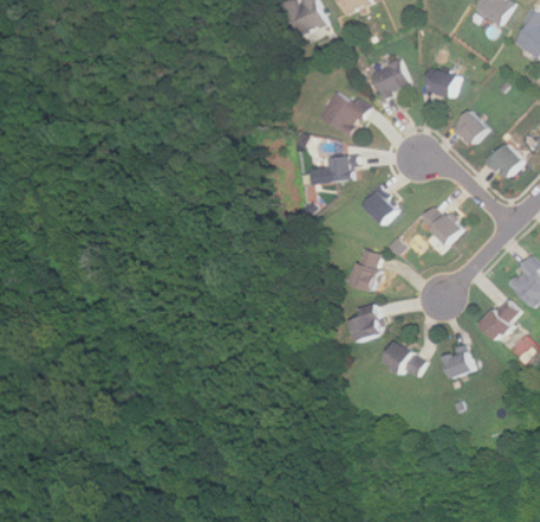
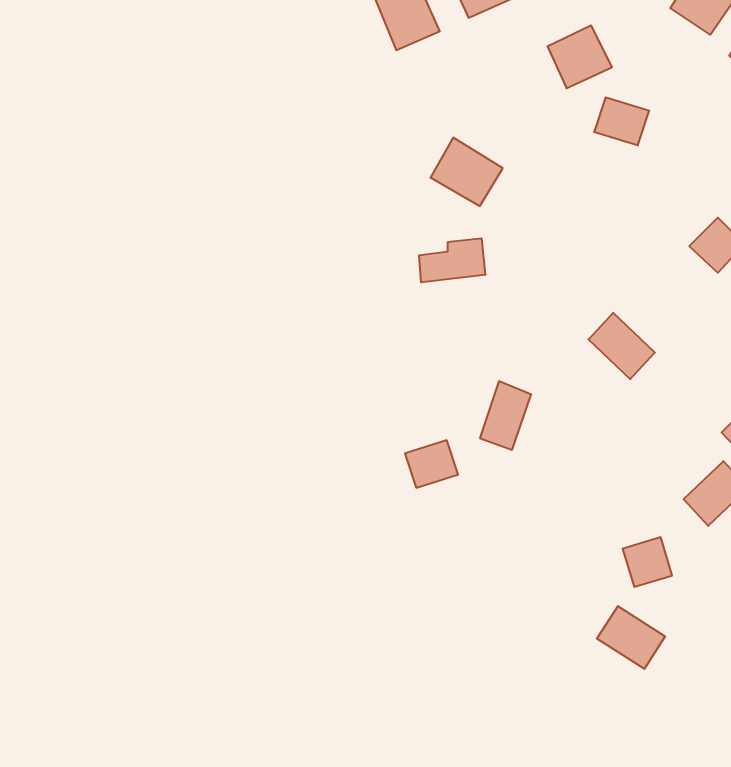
building: [368,58,409,98] -> [547,25,612,88]
building: [450,110,487,146] -> none
building: [363,189,397,223] -> none
building: [349,311,383,341] -> [405,440,458,488]
building: [381,340,425,380] -> [597,606,665,669]

